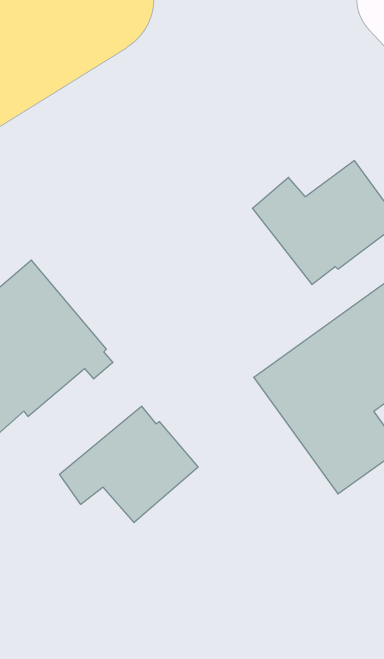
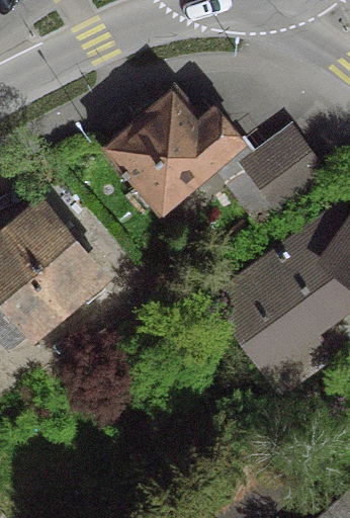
building: none -> [108,89,242,207]
building: [60,406,198,523] -> none

